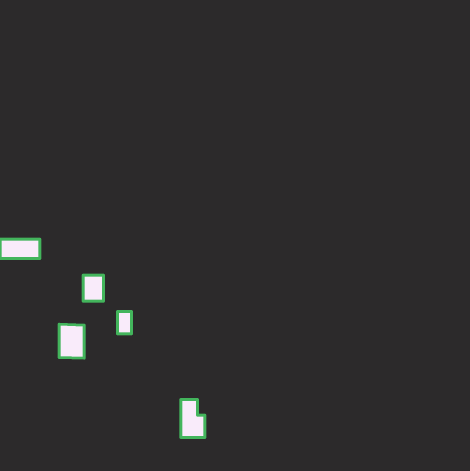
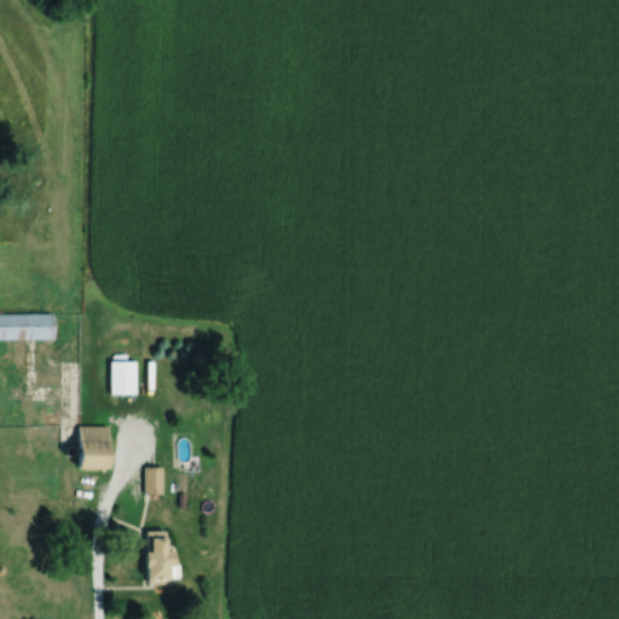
building: [118,312,132,334] -> [145,467,163,496]
building: [181,400,205,437] -> [147,532,179,582]

